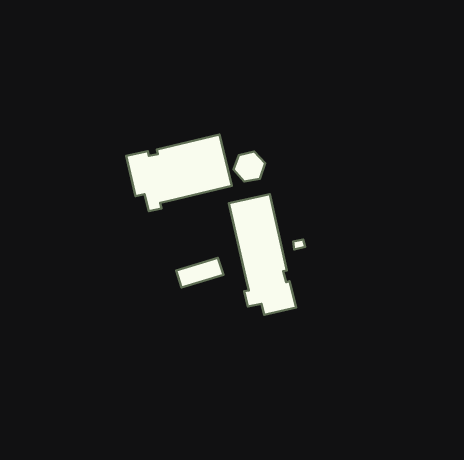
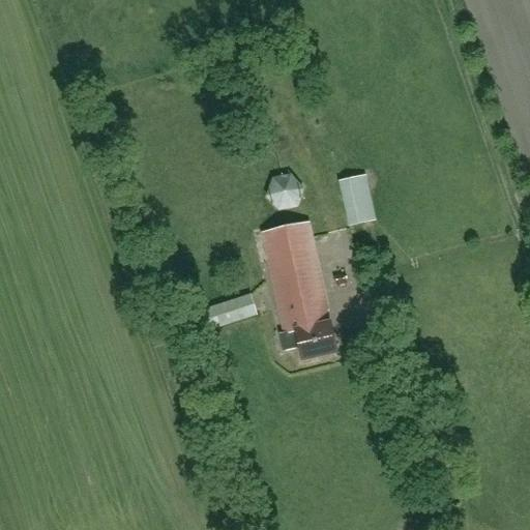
building: [126,134,232,211] -> none
building: none -> [338,173,376,225]

